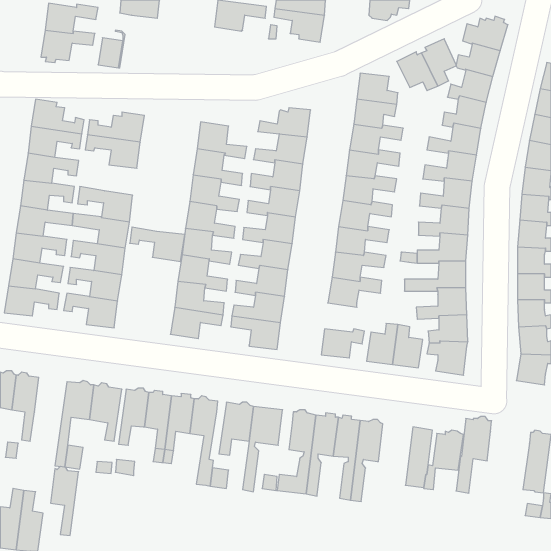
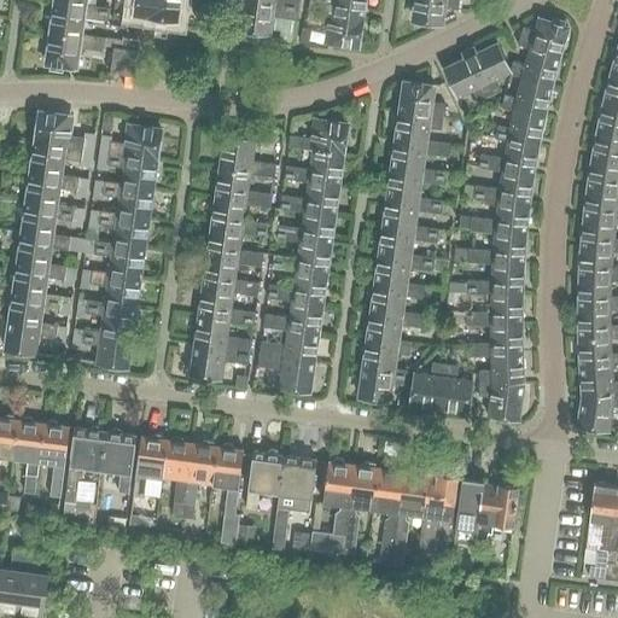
building: [130,227,185,262] -> [92,180,153,218]
building: none -> [363,339,412,372]
building: [456,416,492,493] -> [418,472,457,558]
building: [51,466,79,535] -> [39,420,70,497]

